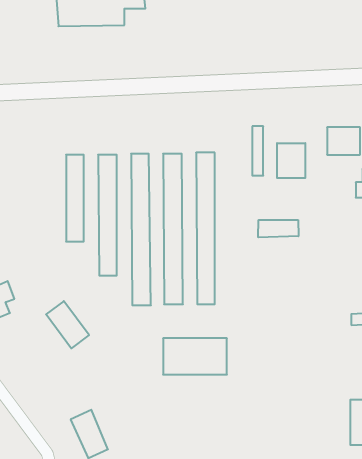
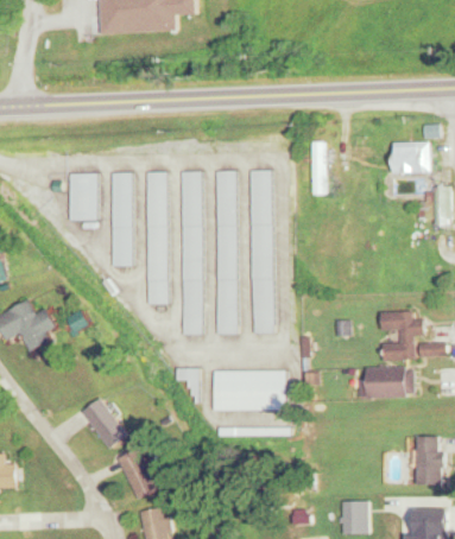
building: [277,143,305,178] -> none
building: none -> [69,172,95,220]
building: [258,220,298,237] -> none
building: none -> [380,312,423,361]
building: [46,301,89,348] -> [82,398,128,449]
building: none -> [364,368,412,398]

